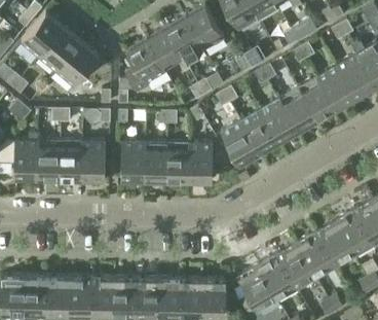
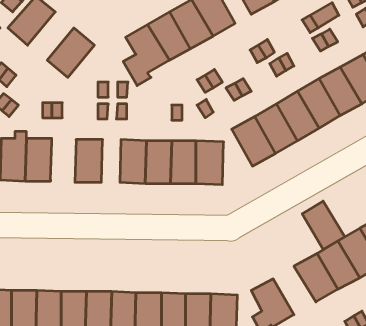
building: [39,27,80,70] -> none
building: [60,140,82,179] -> none
building: [258,254,296,297] -> [302,201,345,249]

